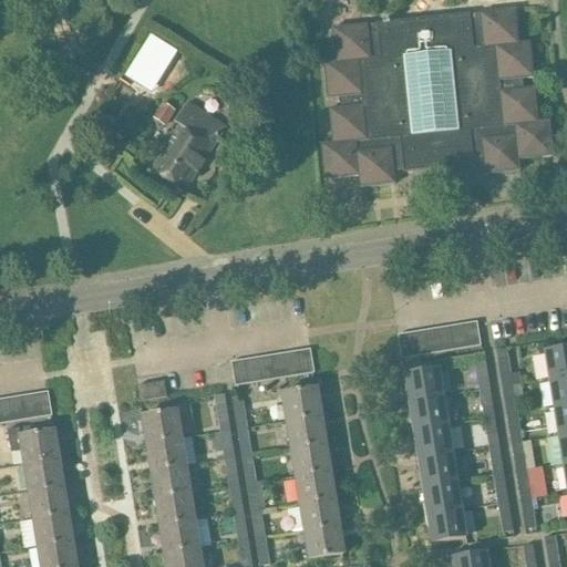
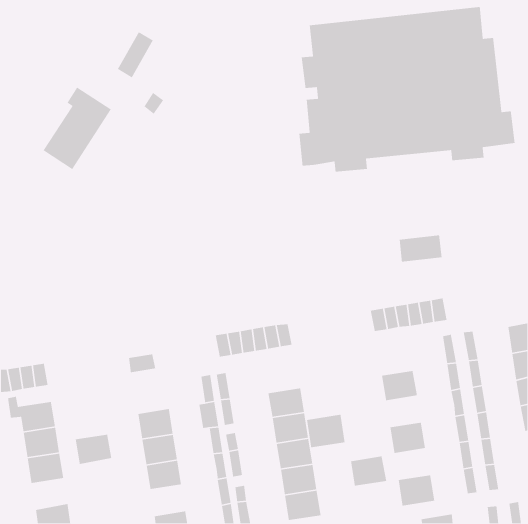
building: [150,102,224,192] -> [43,86,112,170]
building: none -> [399,235,442,262]
building: [403,368,443,402] -> none
building: [282,386,322,421] -> none
building: [143,410,182,443] -> none
building: [413,424,452,457] -> none
building: none -> [306,414,346,448]
building: [422,481,462,514] -> [350,456,387,487]
building: [33,513,73,546] -> [75,434,112,465]
building: [161,519,199,553] -> none

